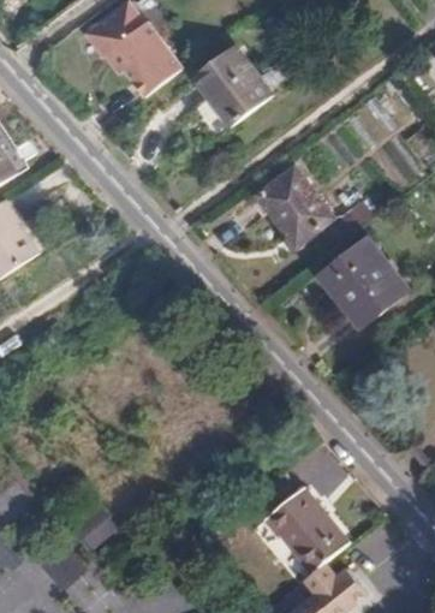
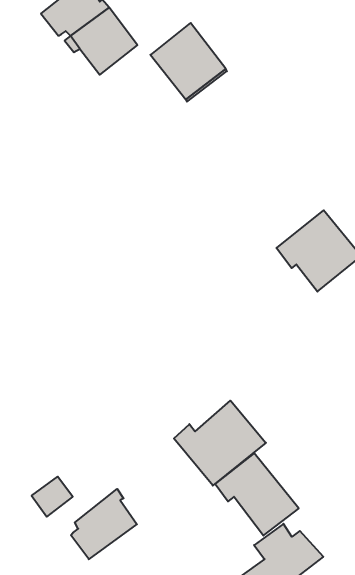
building: [256,161,338,245] -> none
building: none -> [174,401,266,486]
building: none -> [71,489,137,559]

